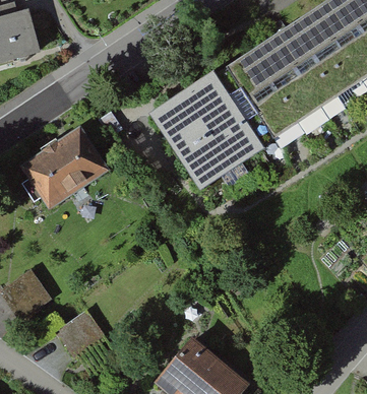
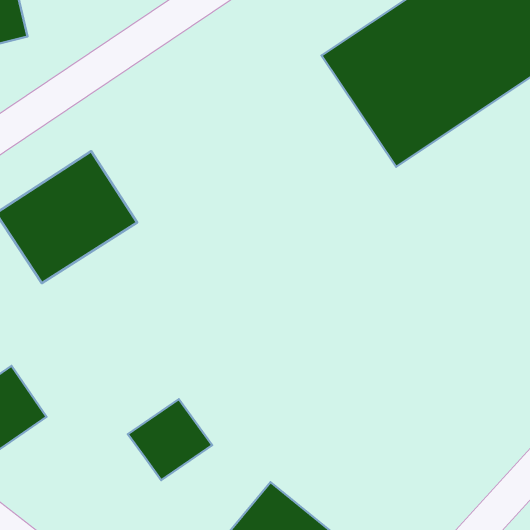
building: [151,75,264,191] -> none
building: [53,309,107,360] -> [128,399,212,480]

